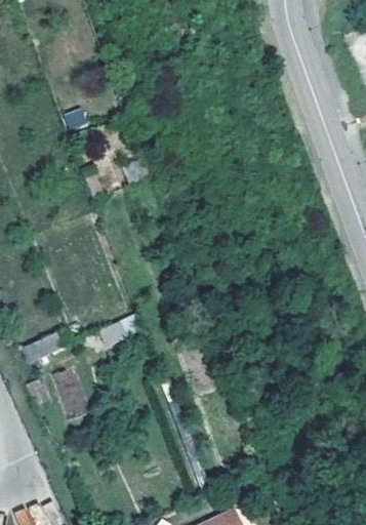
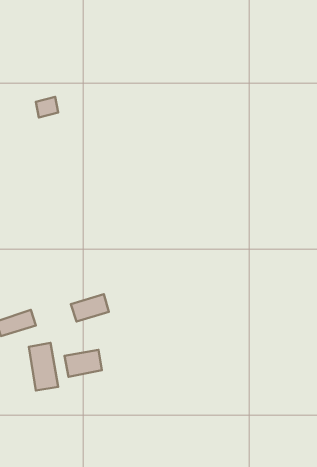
building: none -> [65,350,102,377]

